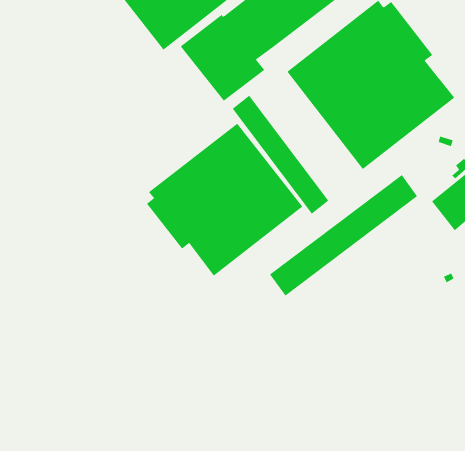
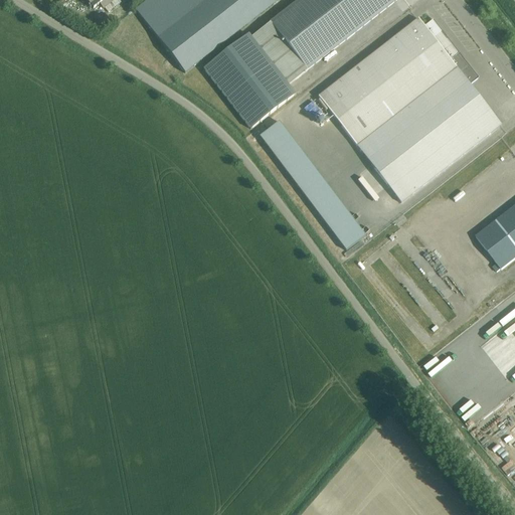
building: [146,123,303,276] -> none
building: [269,174,418,297] -> none

